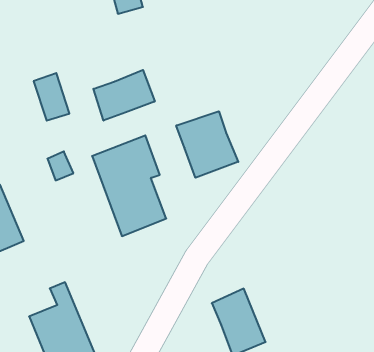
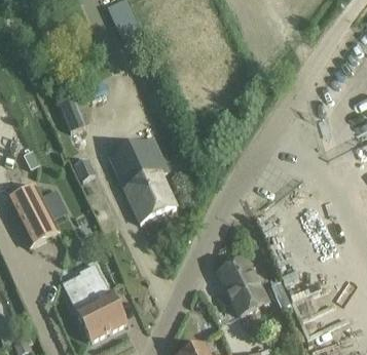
building: [93,70,155,121] -> none
building: [176,111,238,178] -> none

